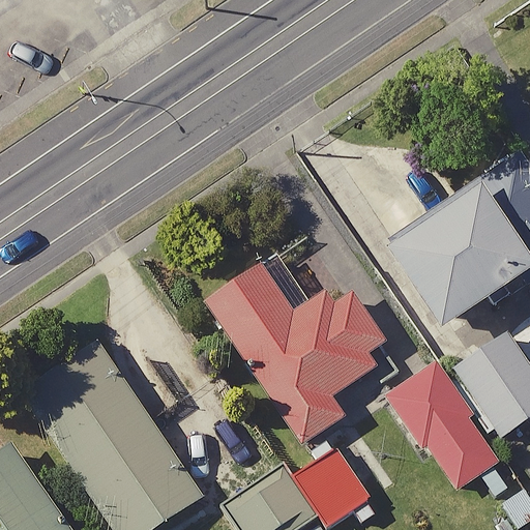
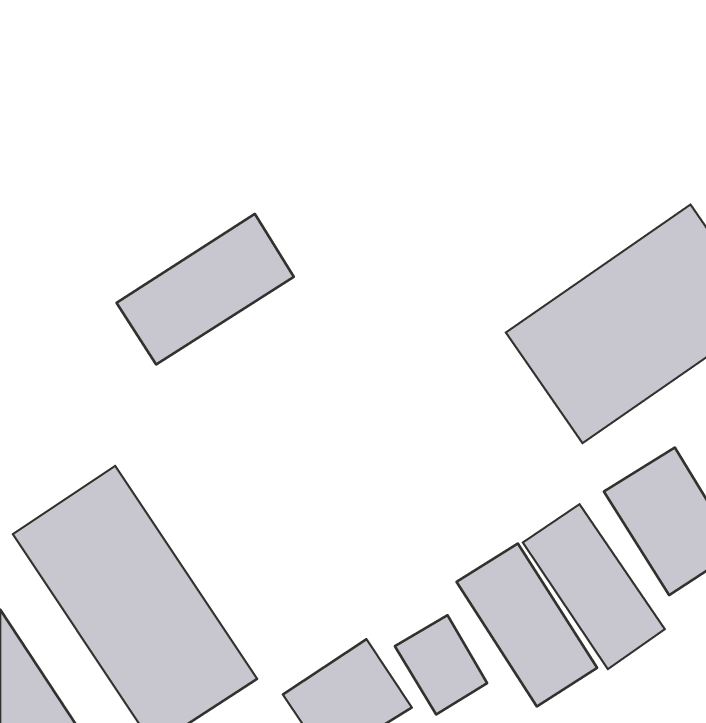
building: none -> [116,214,294,365]
building: [205,248,388,443] -> none
building: none -> [456,544,597,707]

